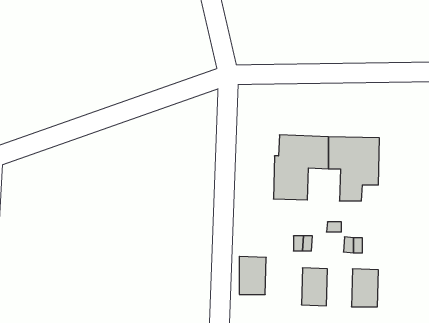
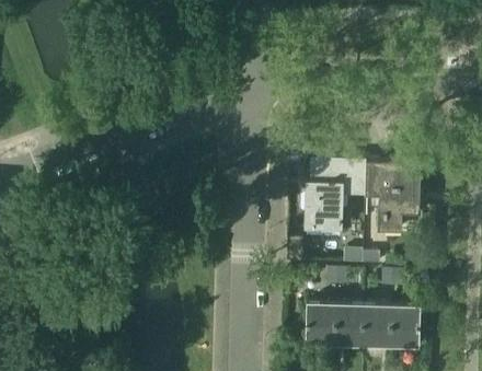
building: [239,256,266,294] -> [307,304,336,346]
building: none -> [363,306,391,348]

